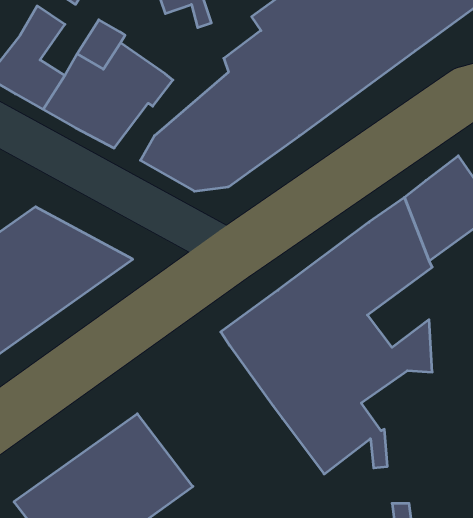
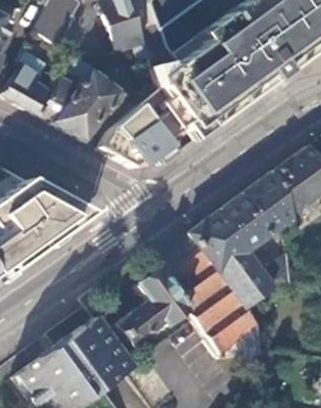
building: none -> [118,269,187,345]

